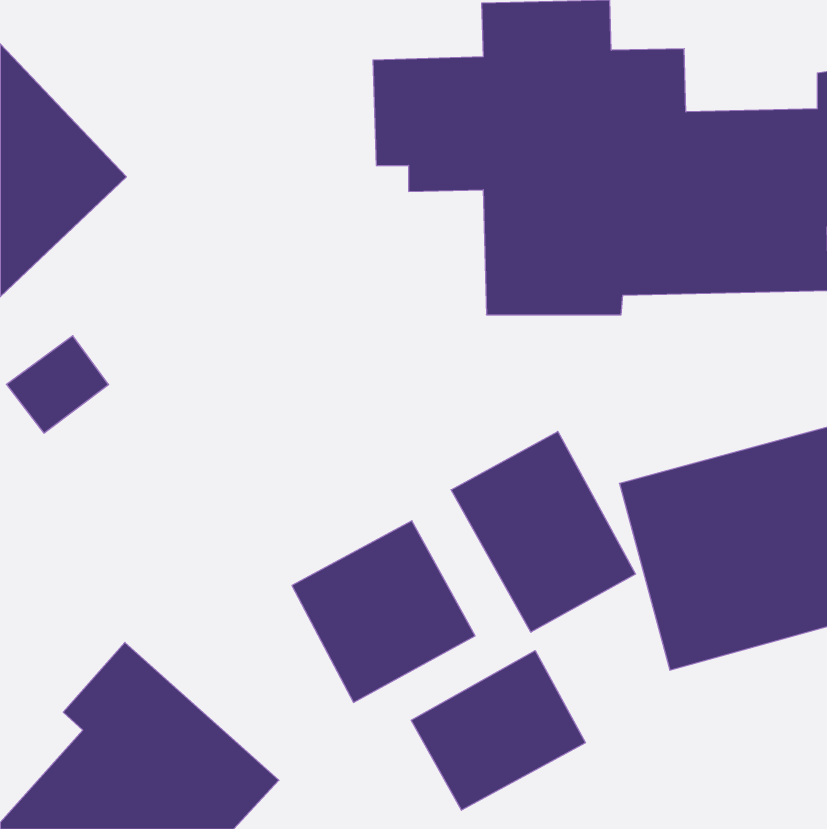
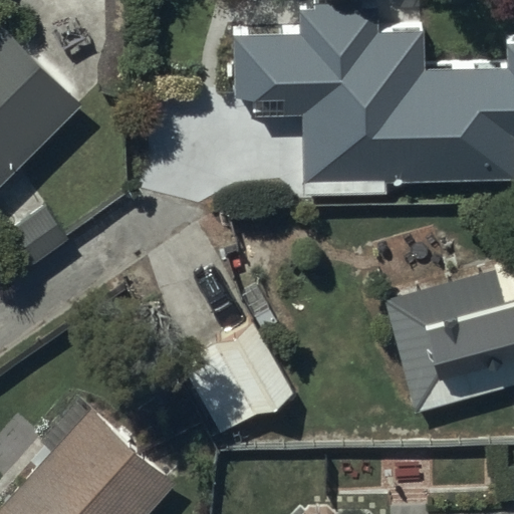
building: [451,431,636,632] -> none
building: [411,651,585,810] -> none

